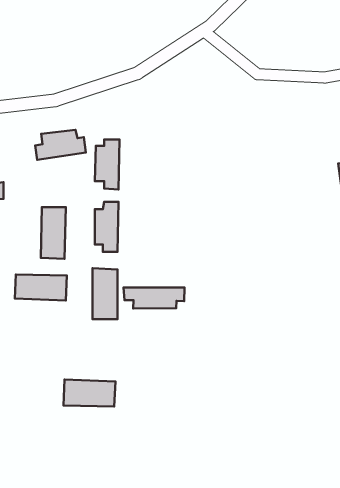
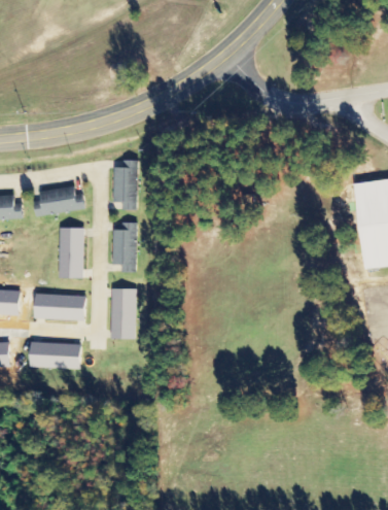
building: [35,130,86,160] -> [34,186,84,216]
building: [124,287,184,308] -> none
building: [64,379,115,406] -> [30,342,81,369]

